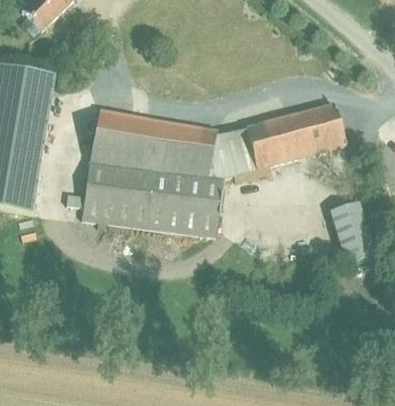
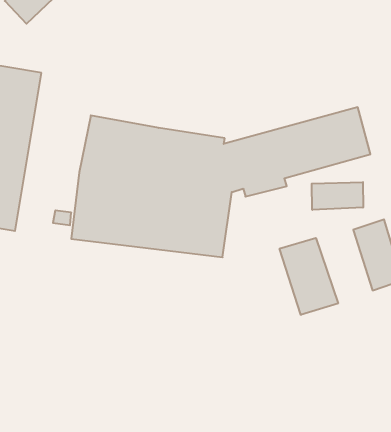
building: none -> [312,182,363,210]
building: none -> [280,238,338,315]

